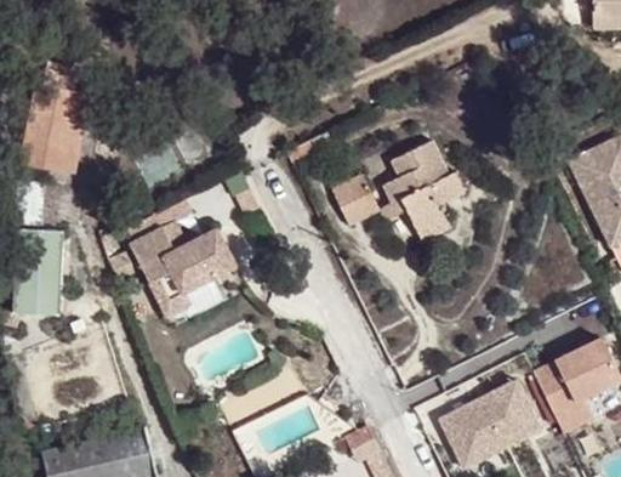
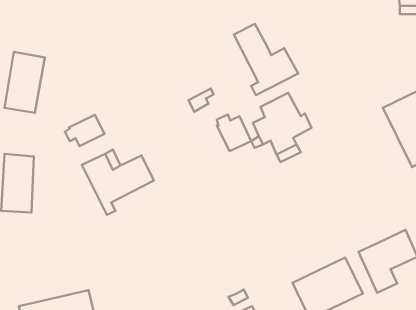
building: none -> [234,24,298,95]
building: none -> [65,115,104,146]

